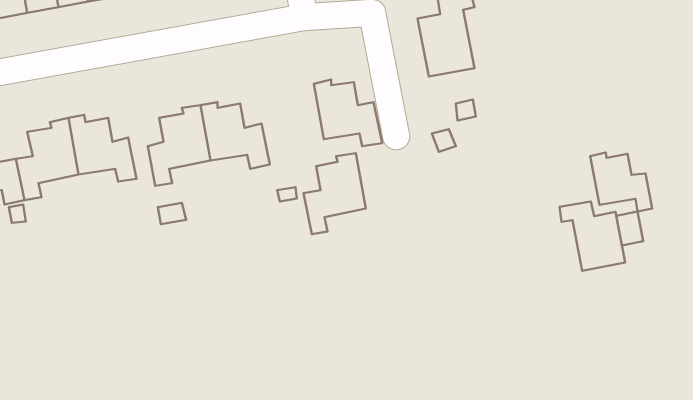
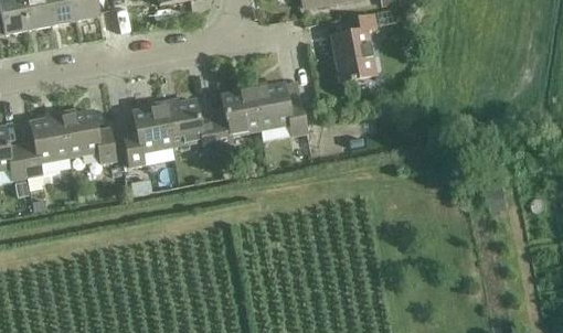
building: [590,153,652,211] -> none
building: [303,153,366,234] -> [210,85,258,148]
building: [559,201,625,271] -> none

